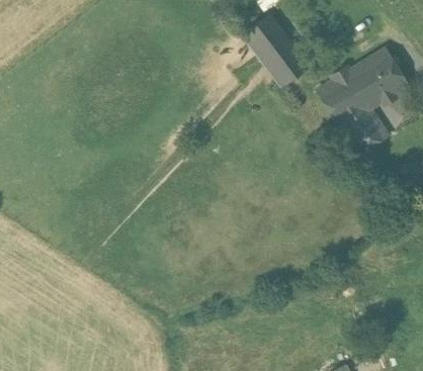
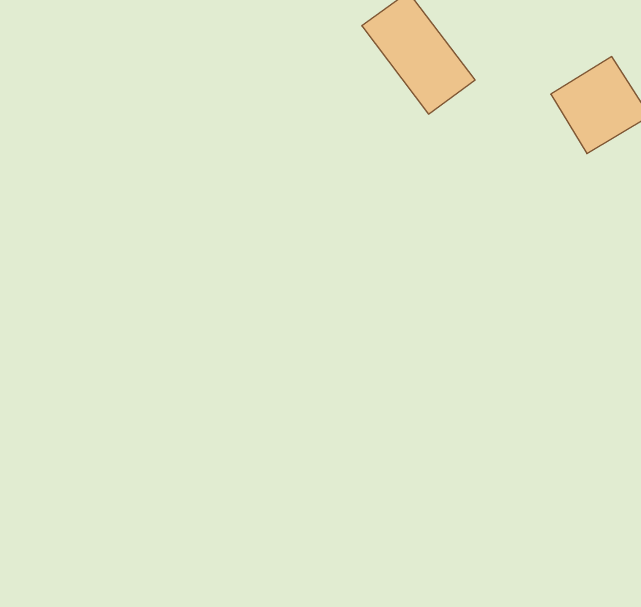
building: [320,70,385,148] -> none

